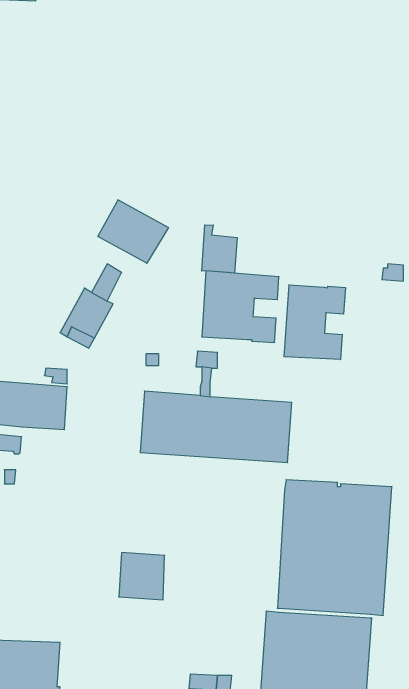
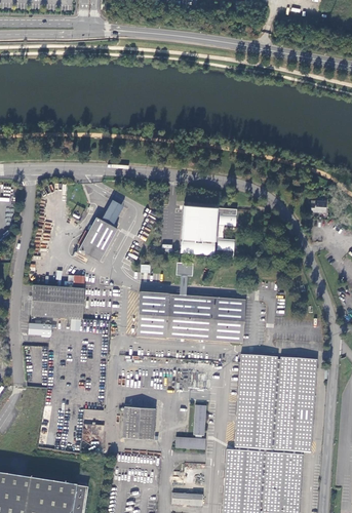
building: [98,200,168,263] -> none
building: [202,225,237,273] -> none
building: [284,285,345,360] -> none
building: none -> [174,404,205,448]

